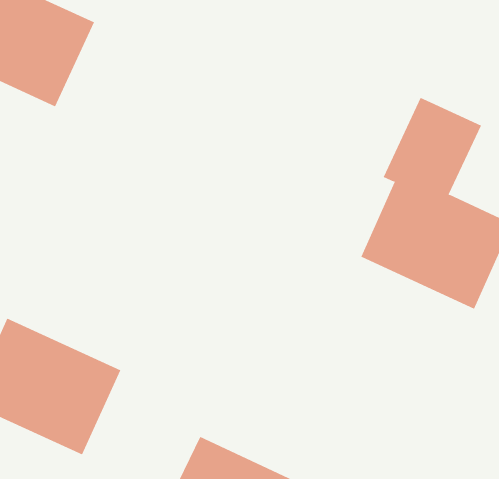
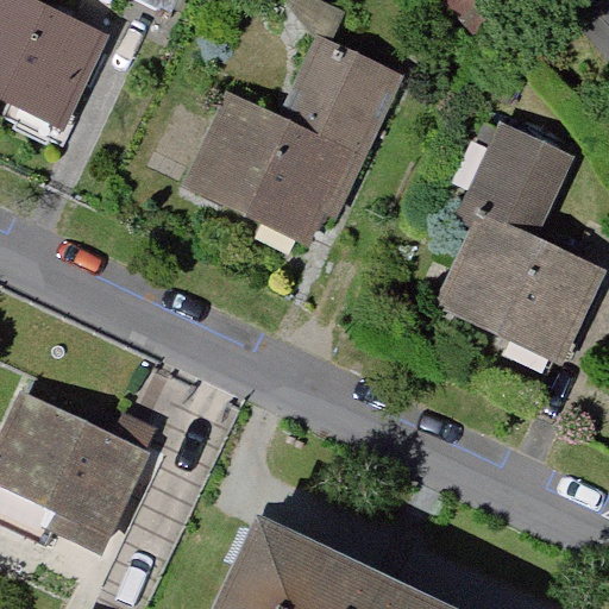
building: none -> [175,40,391,251]

